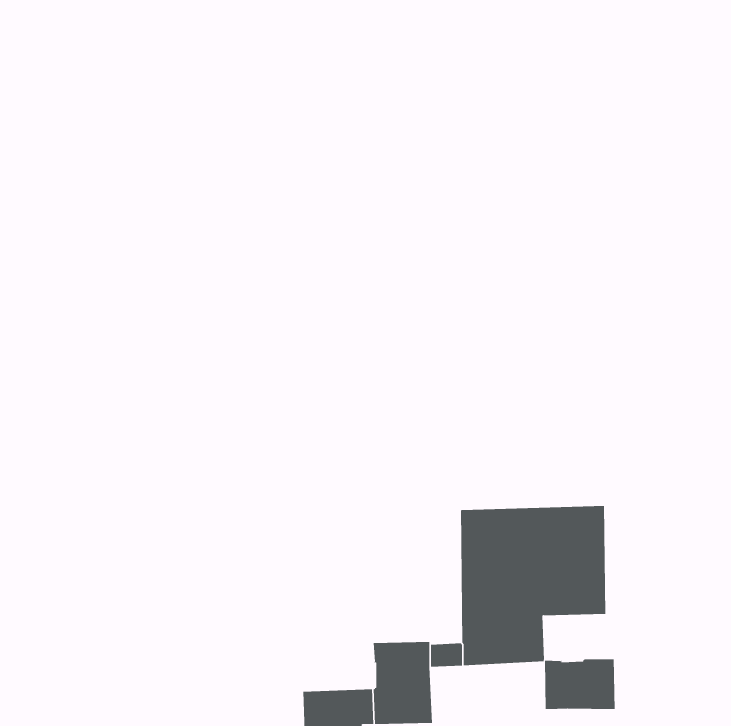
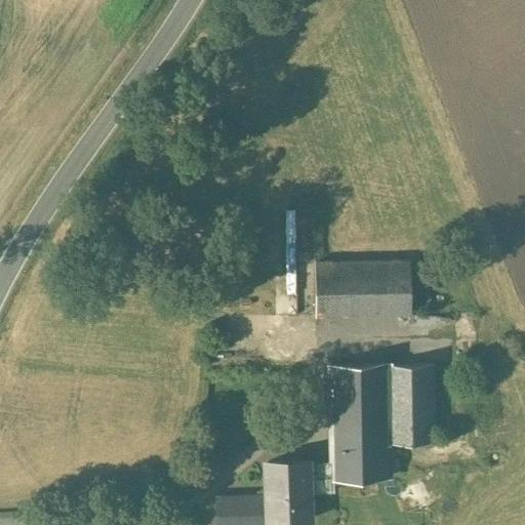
building: none -> [316,262,411,318]
building: [545,658,615,710] -> none

